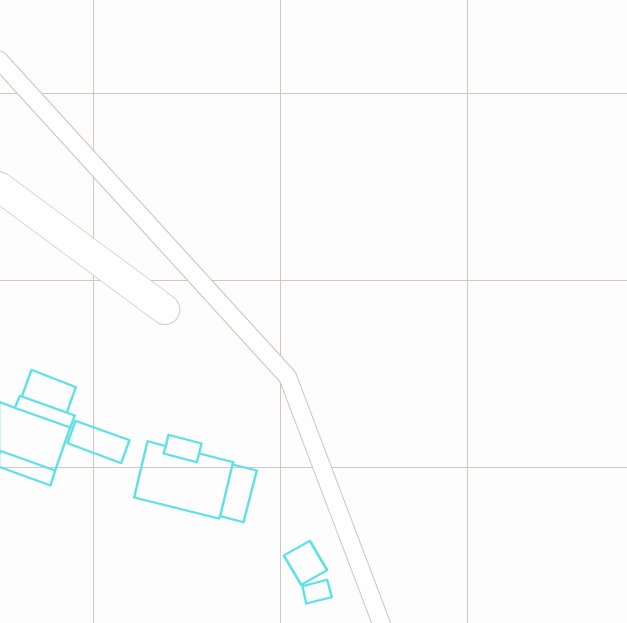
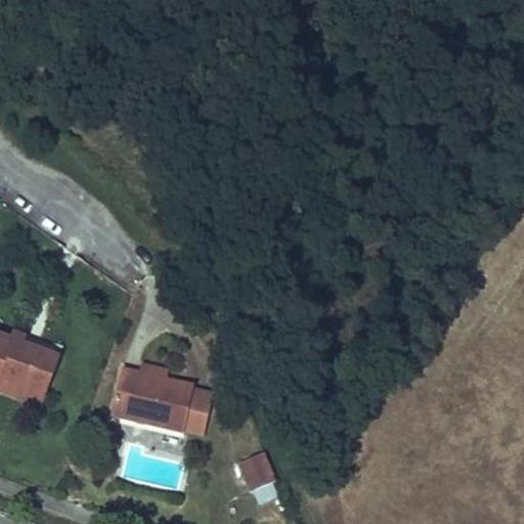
building: [22,370,76,412] -> none
building: [68,421,130,463] -> none

